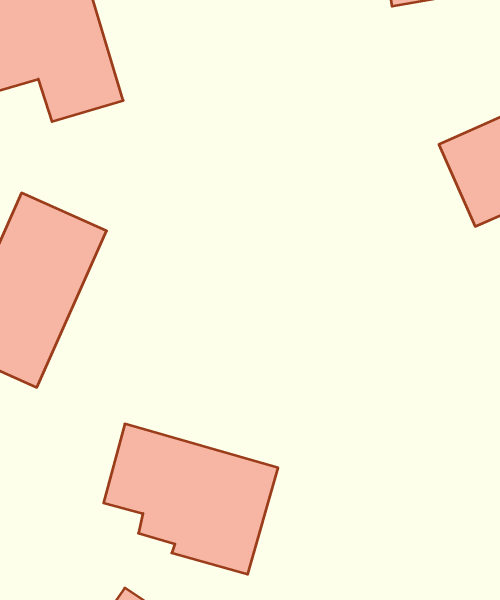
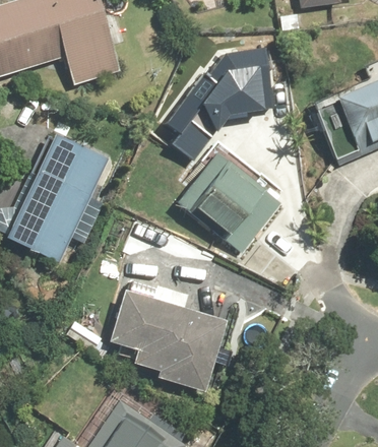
building: none -> [160,43,276,155]
building: none -> [177,152,284,255]

